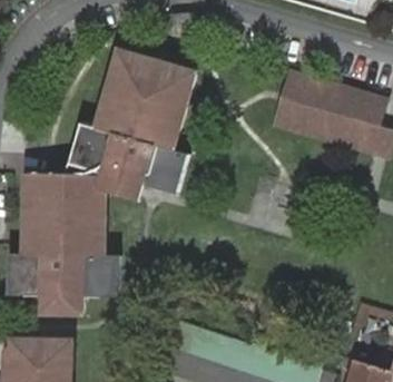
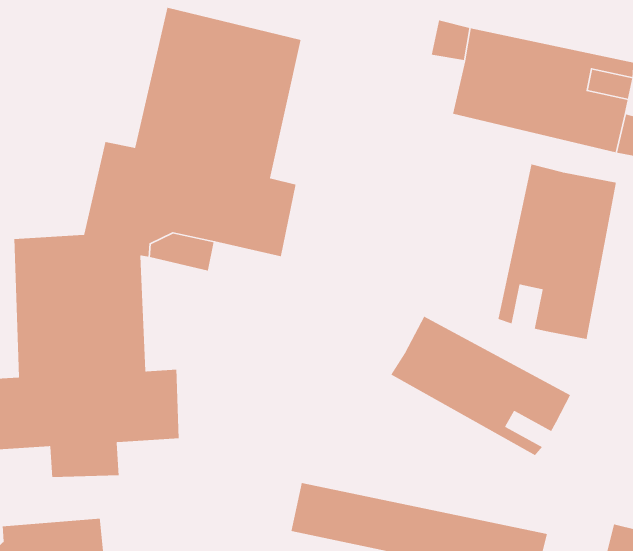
building: none -> [498,163,617,340]
building: none -> [390,315,571,456]

